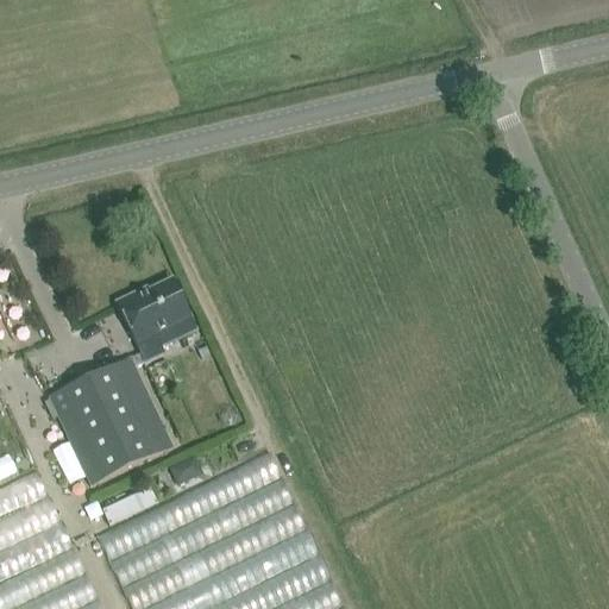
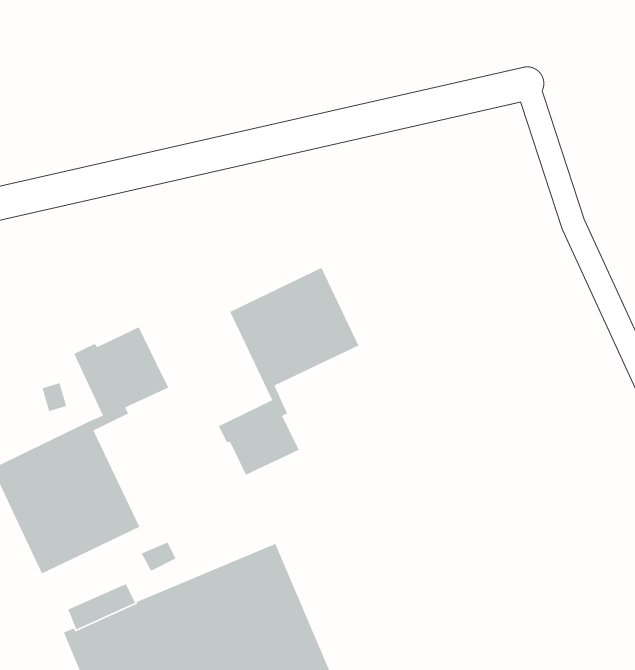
building: none -> [218,267,360,476]

